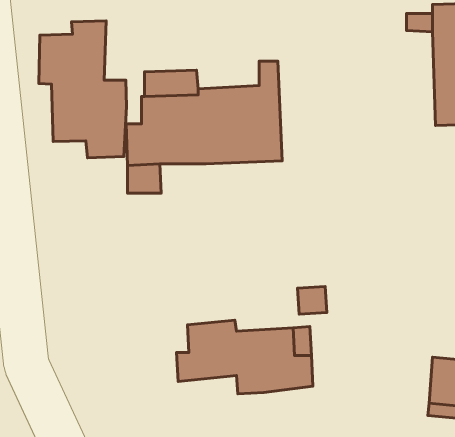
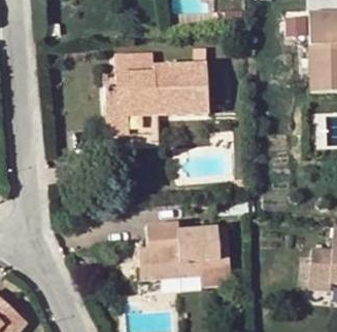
building: [39,21,126,158] -> none
building: none -> [139,259,231,289]

